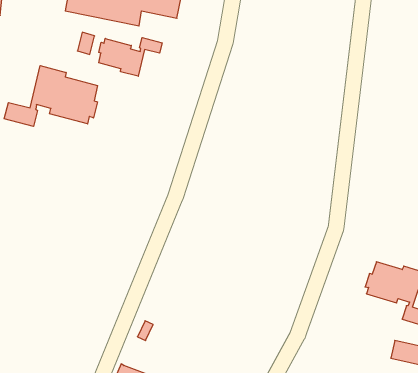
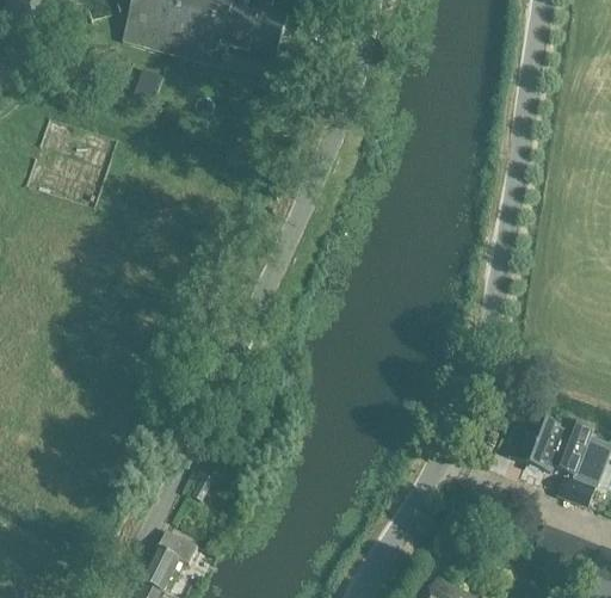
building: [99,38,162,76] -> none
building: [4,66,98,126] -> none

